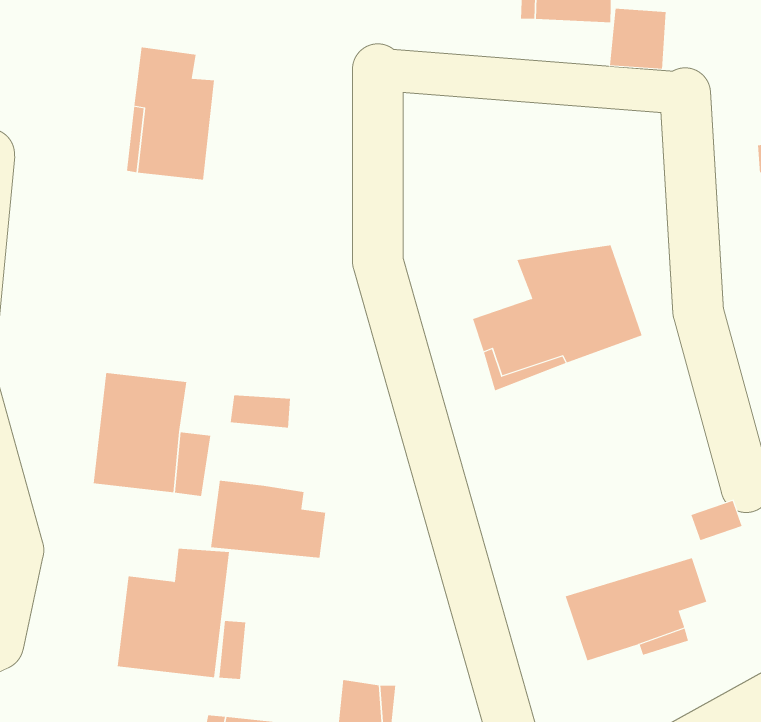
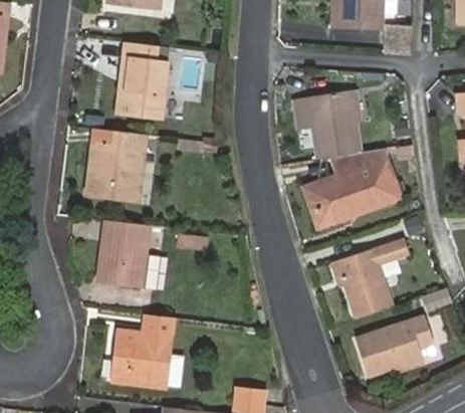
building: none -> [291,91,360,161]
building: none -> [89,130,147,200]
building: none -> [334,239,408,322]
building: [211,480,326,559] -> none

